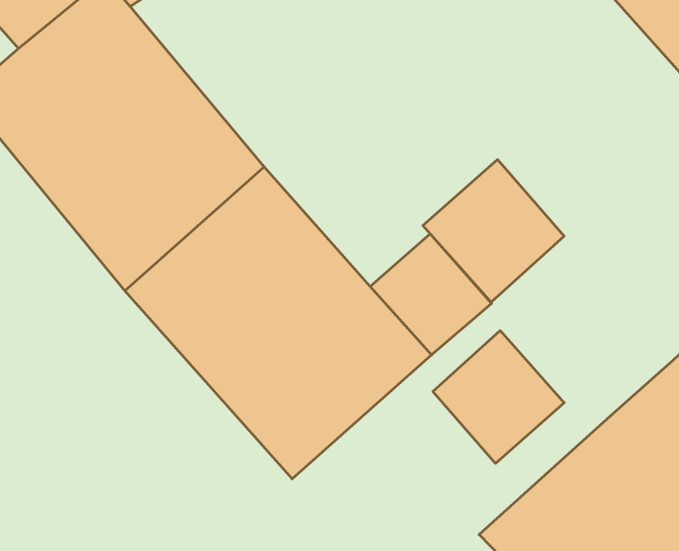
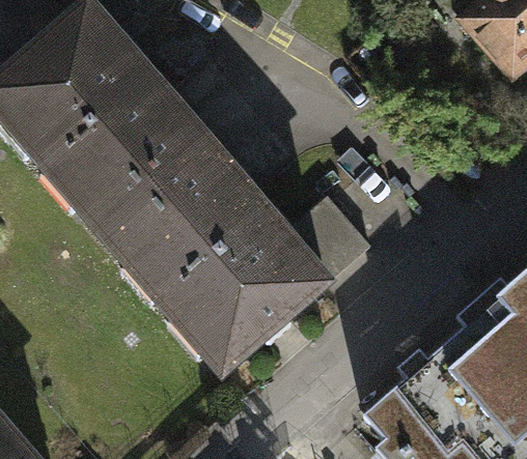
building: [423,160,564,302] -> none
building: [433,331,564,463] -> none

